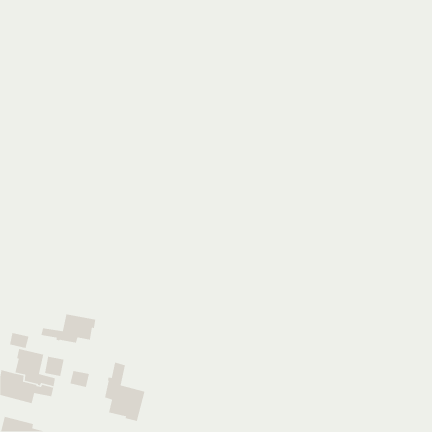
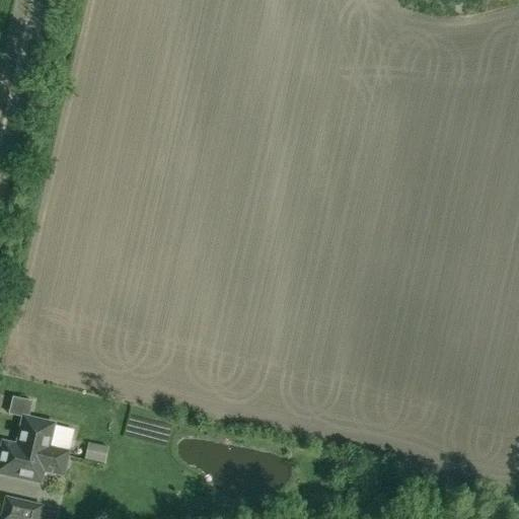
building: [40,314,96,343] -> none
building: [104,362,145,422] -> none

